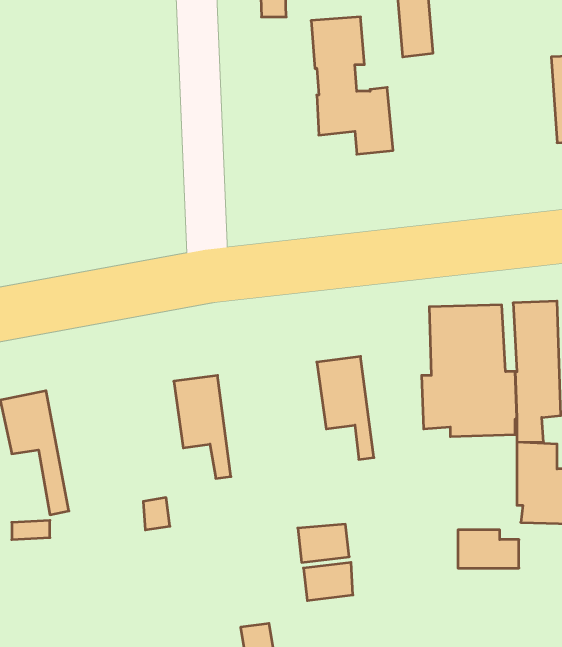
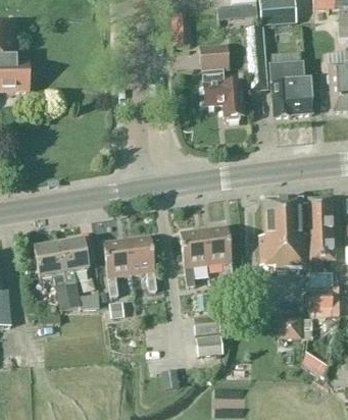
building: none -> [269,52,312,116]
building: none -> [180,228,208,285]
building: none -> [103,239,132,296]
building: none -> [58,240,100,309]

